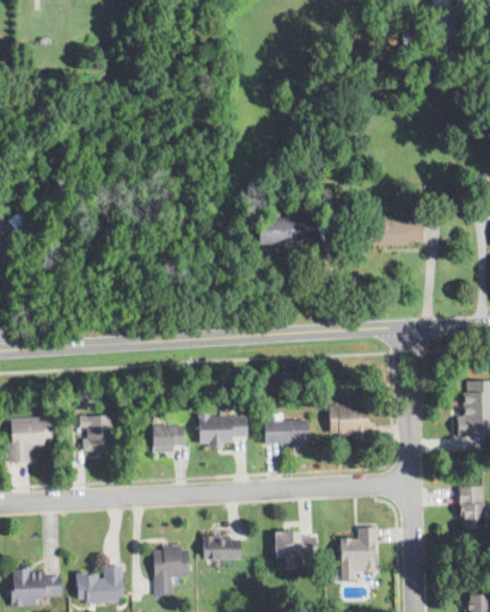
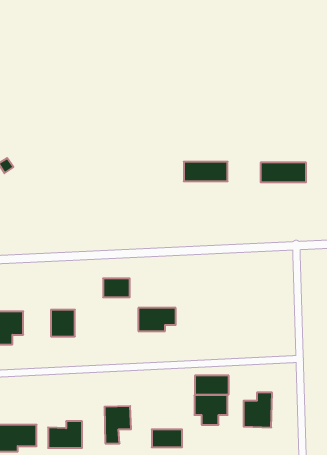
building: [329,405,370,442] -> none
building: [263,420,308,445] -> [195,376,229,394]
building: [151,424,186,449] -> [103,278,130,297]
building: [201,536,241,559] -> [152,429,182,447]

